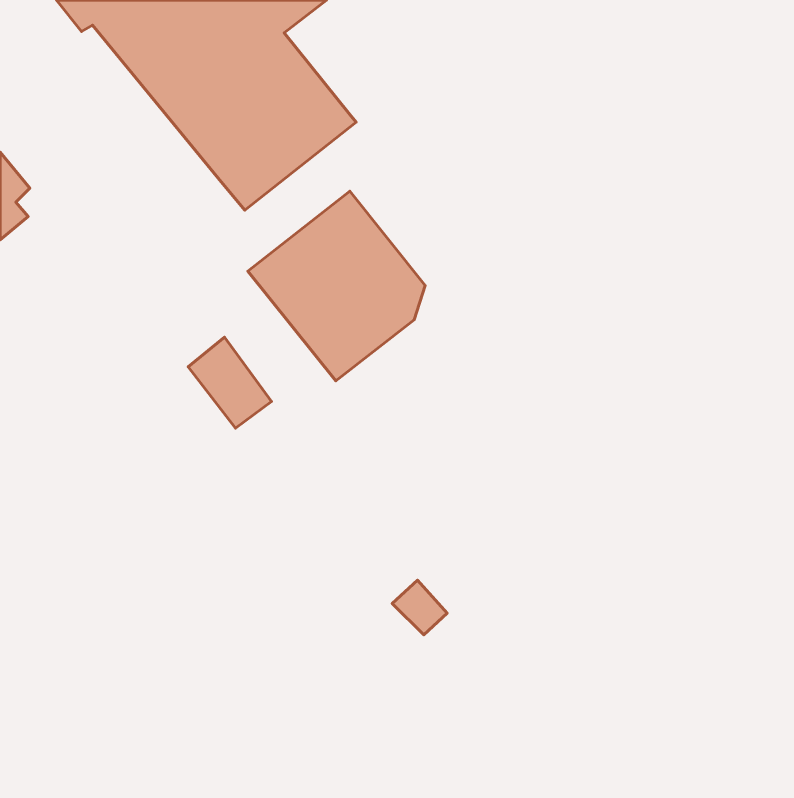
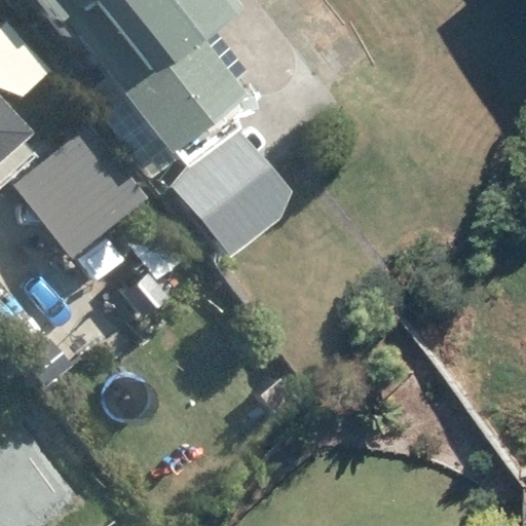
building: none -> [15,125,151,260]

